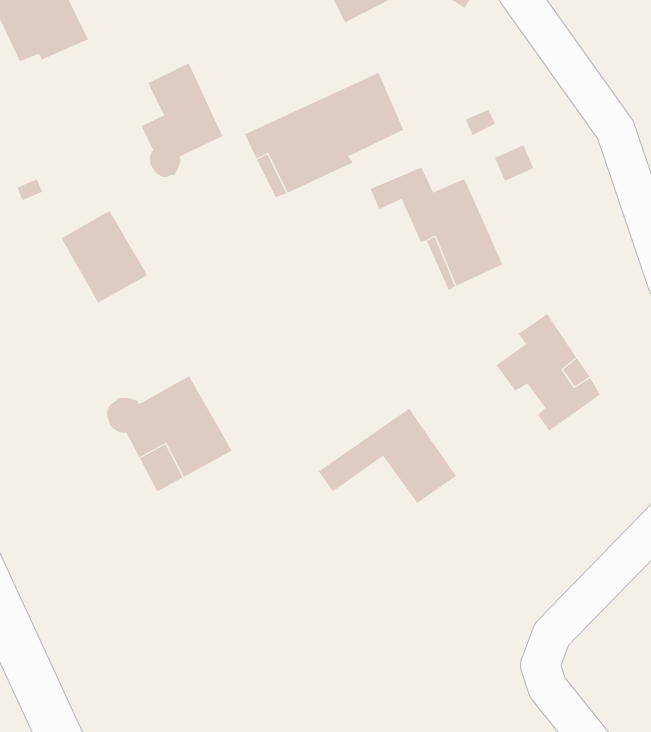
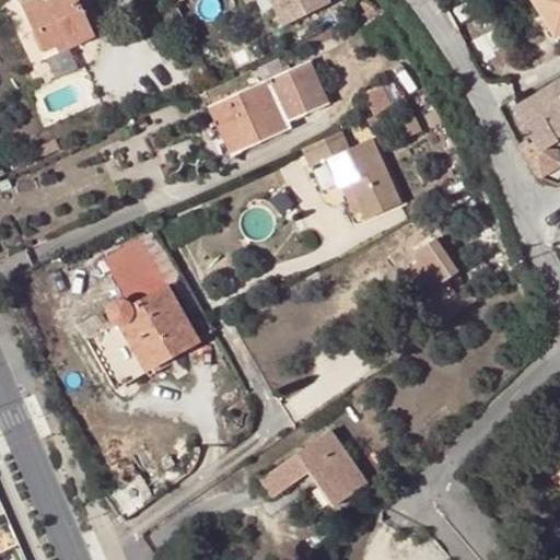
building: [141,62,223,178] -> none
building: [61,210,148,303] -> [104,236,168,305]
building: [318,408,457,504] -> [261,432,364,503]

